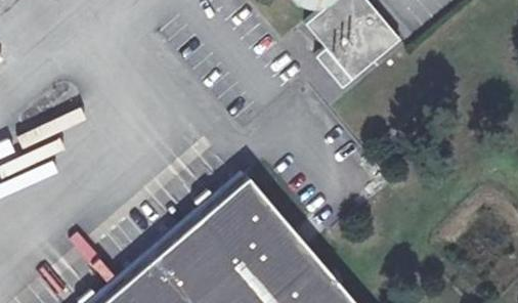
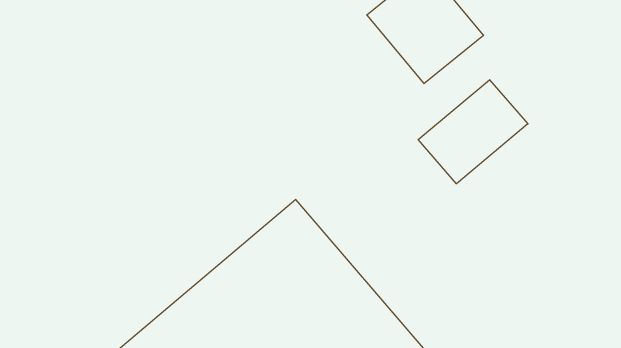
building: none -> [418,80,528,184]

